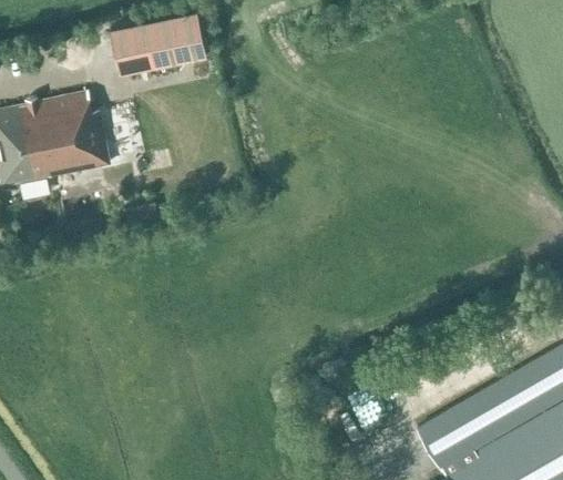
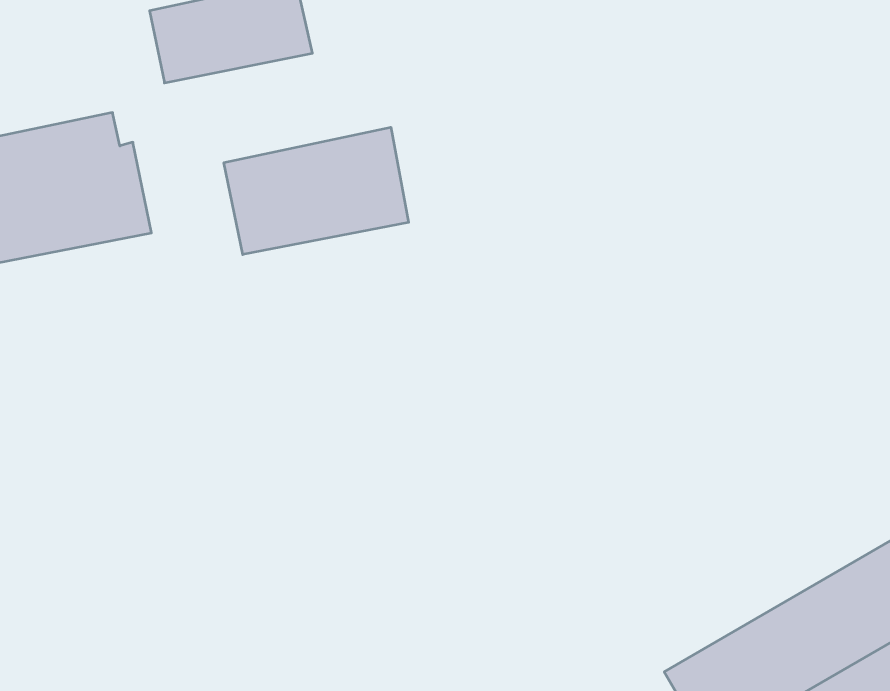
building: none -> [224,127,409,255]

